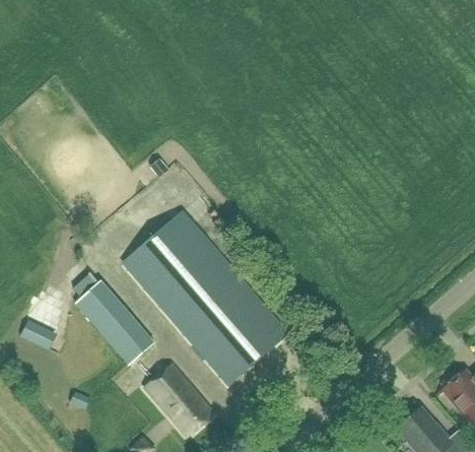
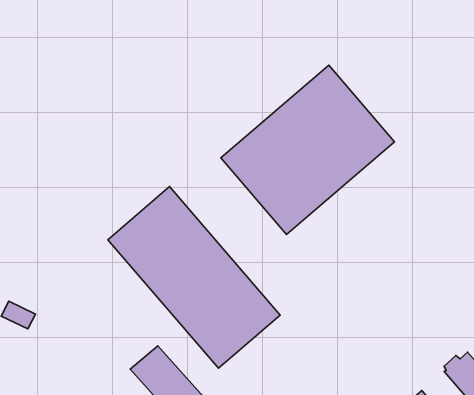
building: none -> [221,65,395,235]
building: [76,282,153,365] -> none

